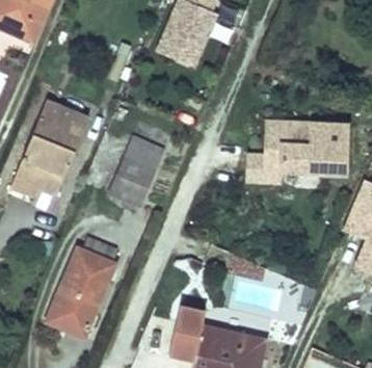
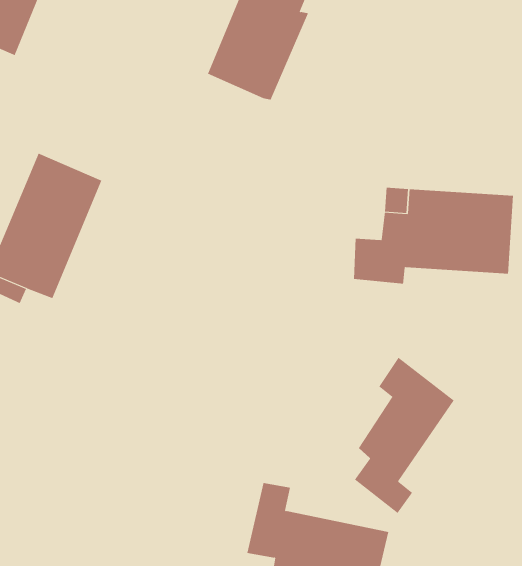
building: [110,136,164,206] -> none
building: none -> [354,357,454,514]
building: [47,237,117,336] -> none

